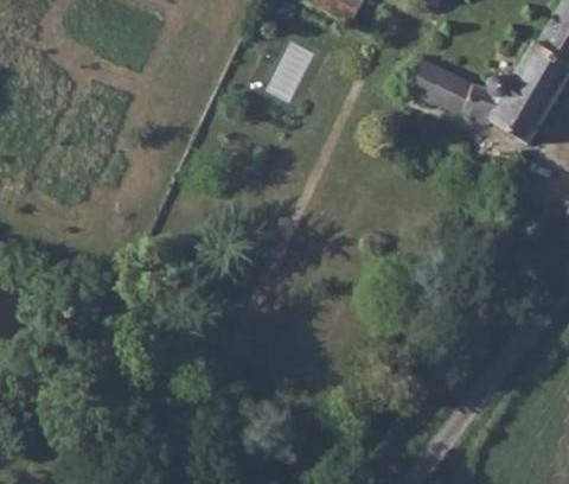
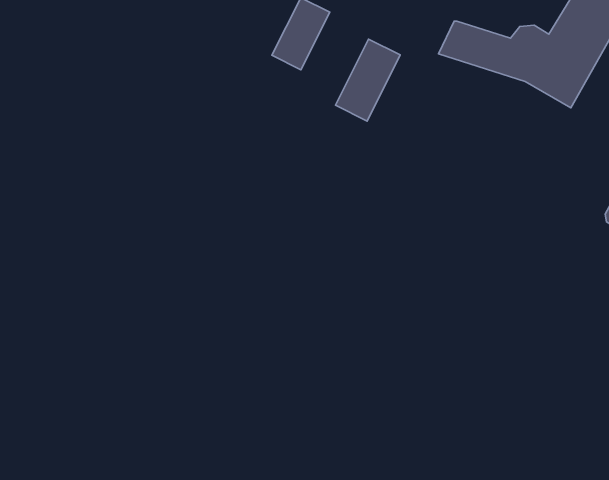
building: none -> [335,39,400,121]

